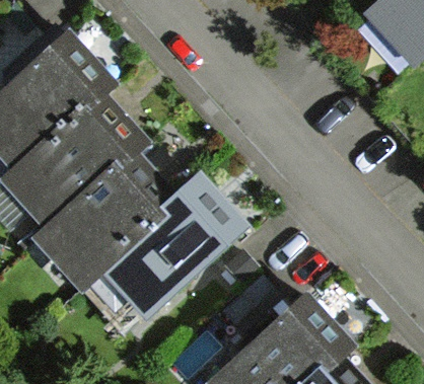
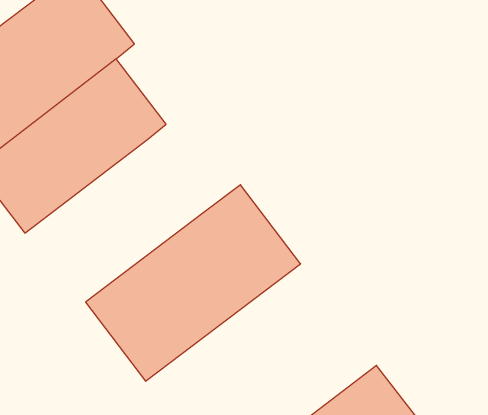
building: [32,149,168,281] -> none

